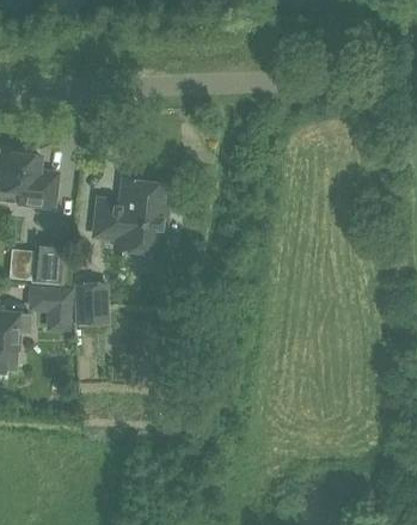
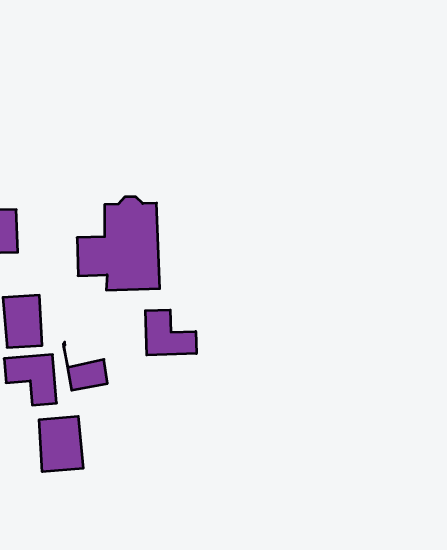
building: none -> [145,310,196,355]
building: none -> [39,416,83,472]

